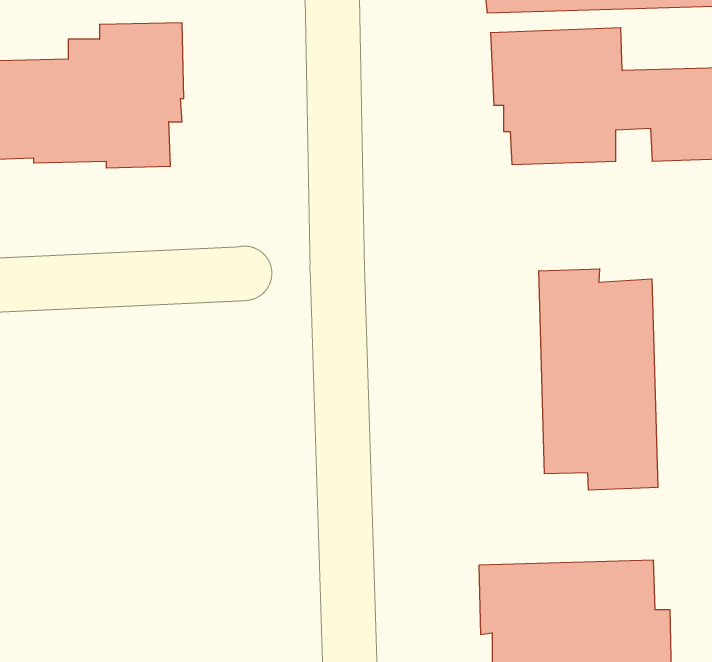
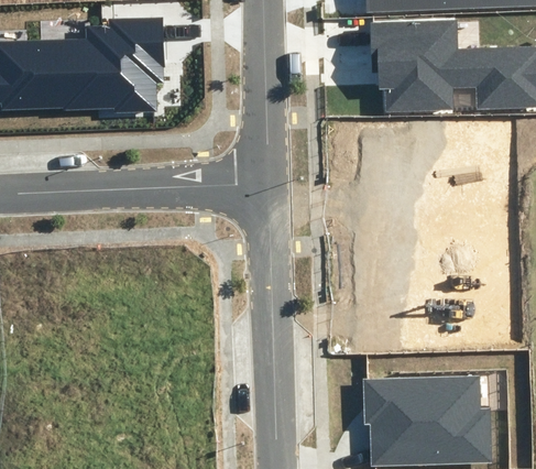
building: [539,269,658,490] -> none

